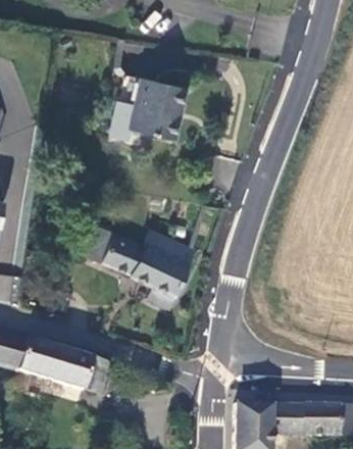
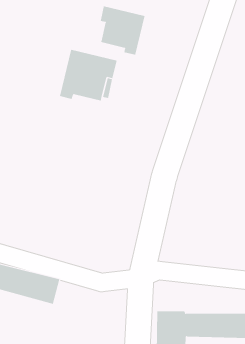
building: none -> [100,5,145,55]
building: [96,231,192,292] -> none

